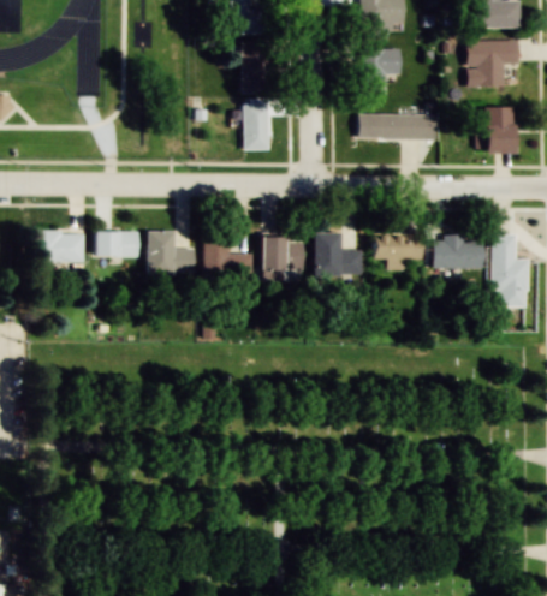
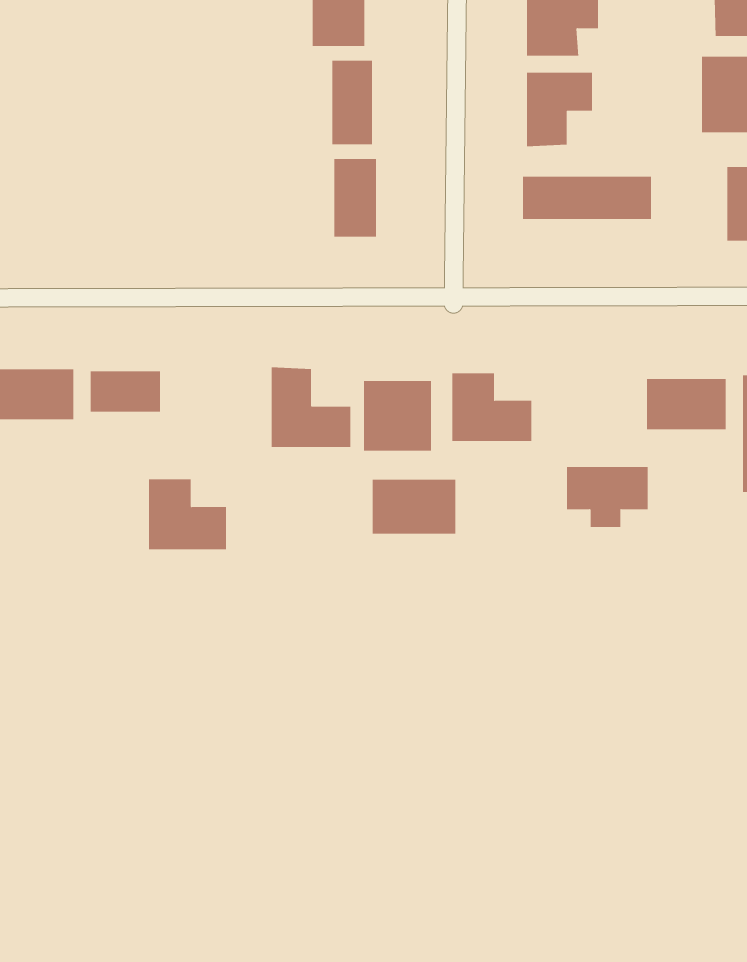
building: [147,232,195,275] -> [148,479,227,550]
building: [374,233,424,270] -> [566,466,649,527]
building: none -> [372,479,456,535]

